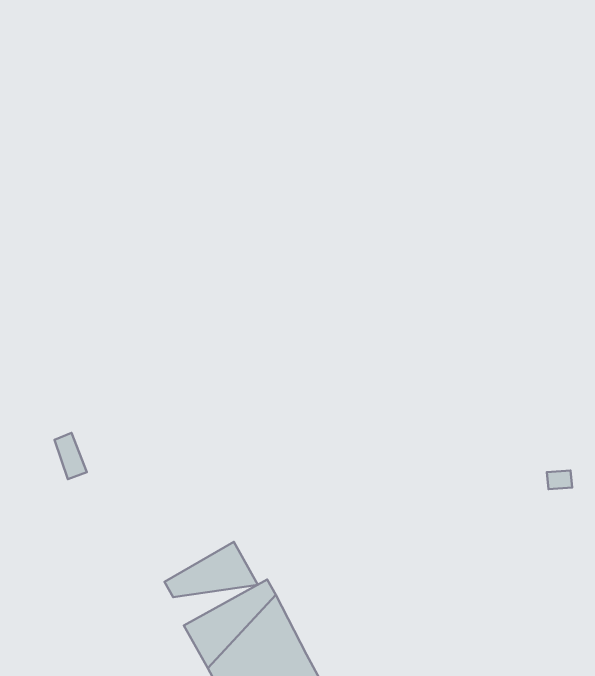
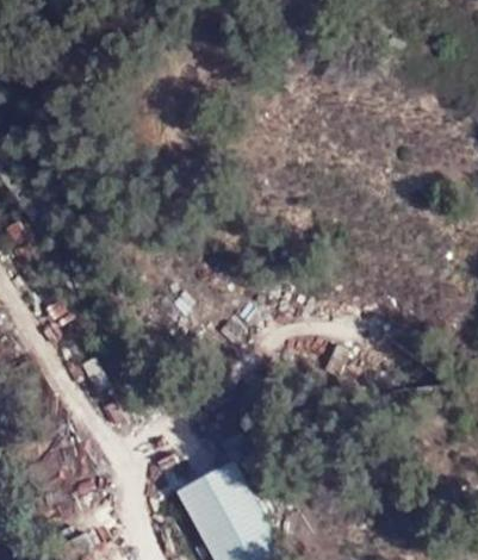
building: [164,542,258,597] -> none

